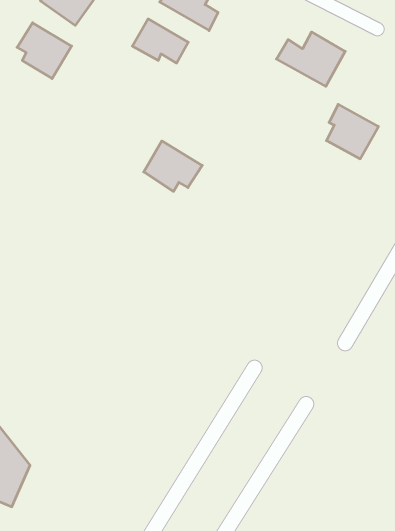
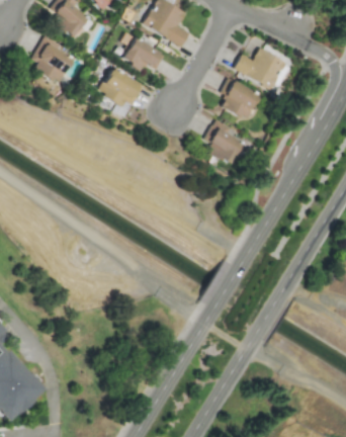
building: [326,104,378,159] -> [221,77,261,119]
building: none -> [204,118,242,164]
building: [144,141,202,191] -> [98,67,144,106]

